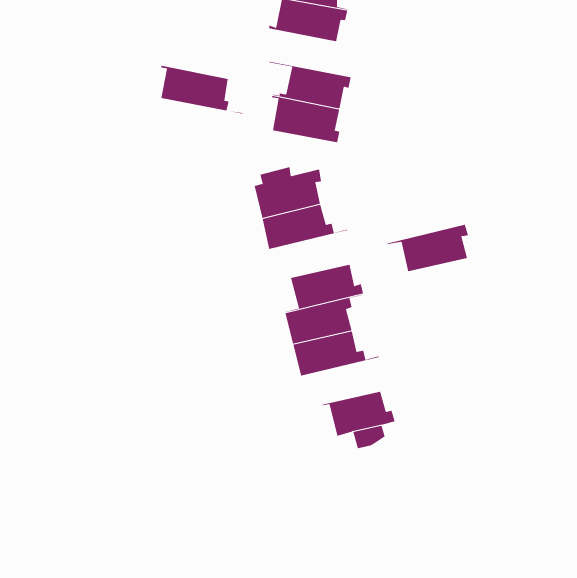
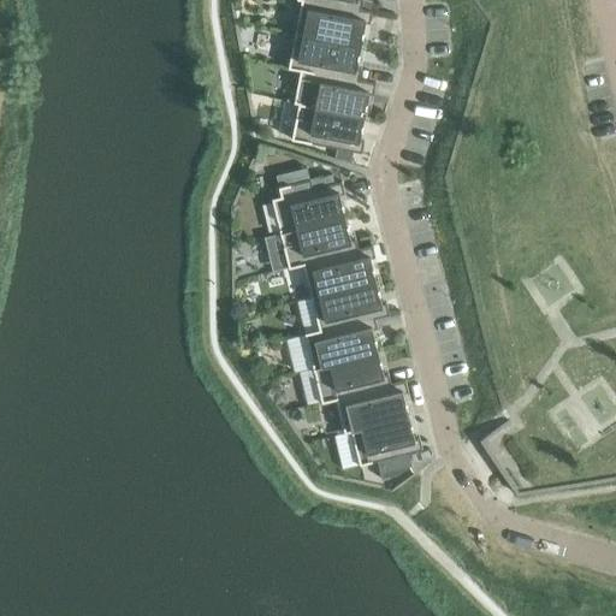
building: [160,65,243,114] -> [285,30,373,82]
building: [386,224,469,272] -> [285,244,373,295]
building: none -> [319,379,405,430]

